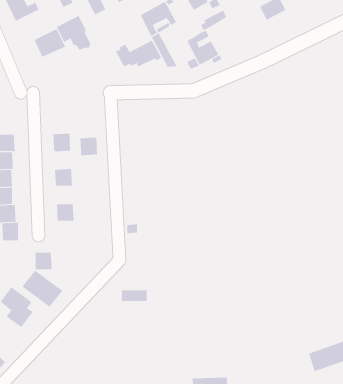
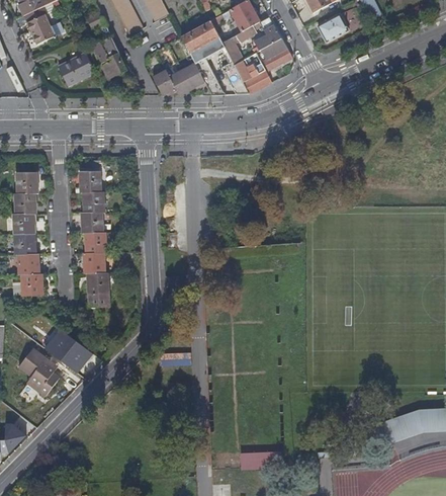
building: none -> [221,25,256,66]
building: none -> [262,38,291,70]
building: [79,137,98,156] -> [84,192,105,214]
building: none -> [86,233,106,253]
building: [35,252,52,270] -> [88,273,108,294]

